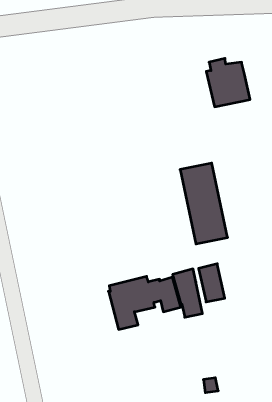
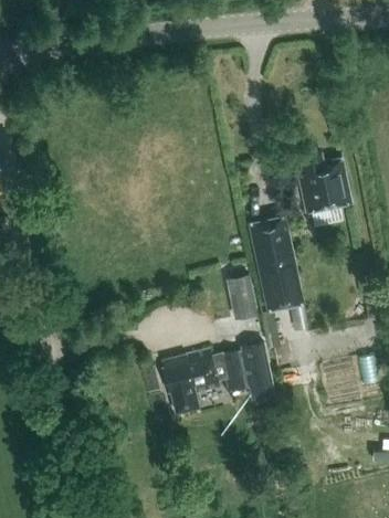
building: [206,58,250,107] -> [299,157,351,214]
building: [199,264,225,302] -> [227,276,257,321]

